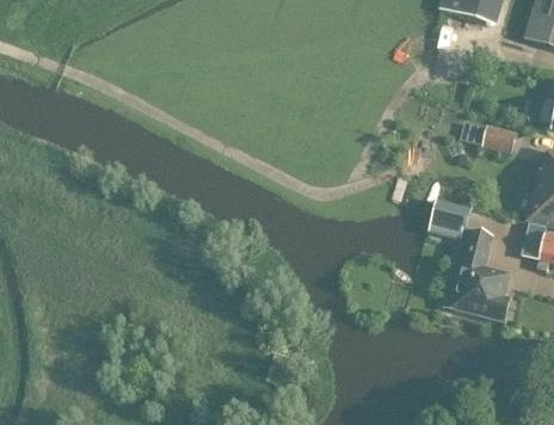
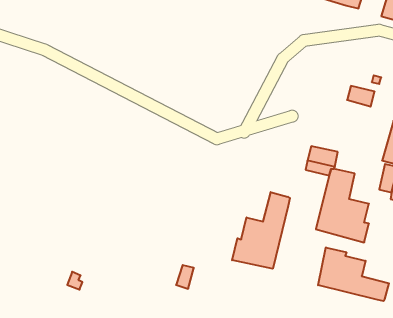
building: none -> [232,192,290,269]
building: none -> [318,247,389,301]

